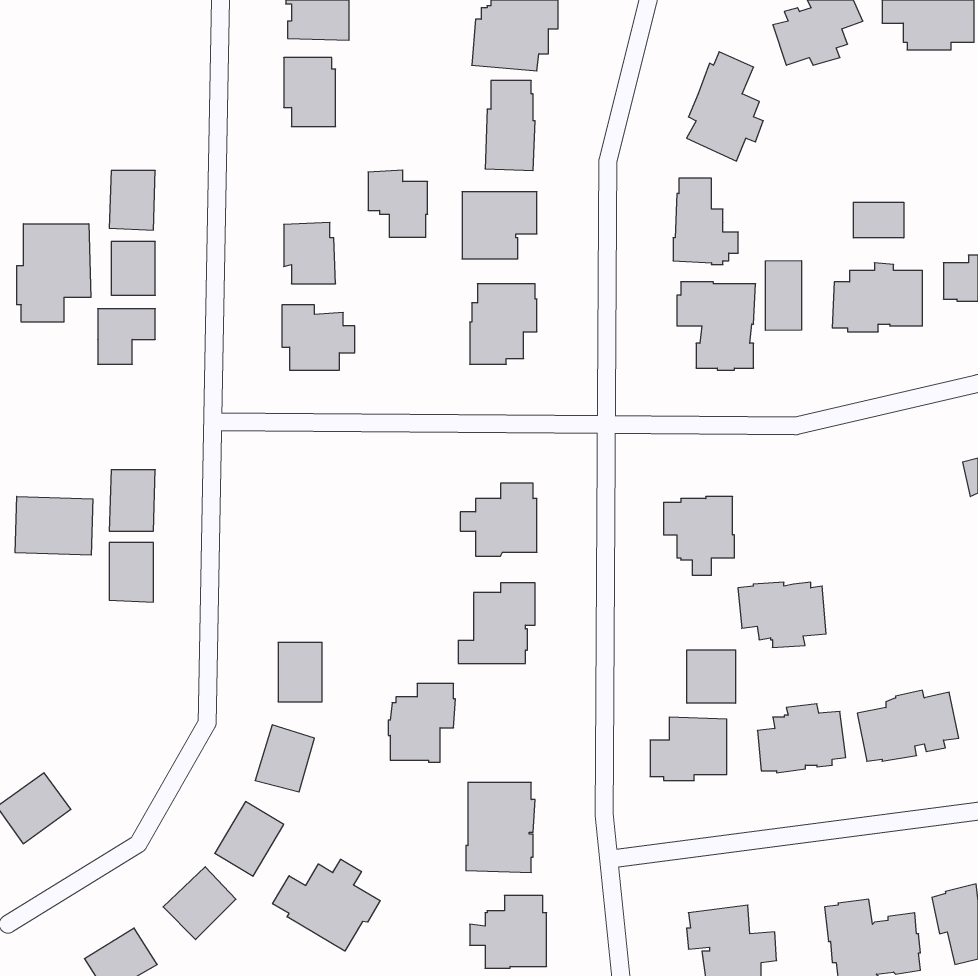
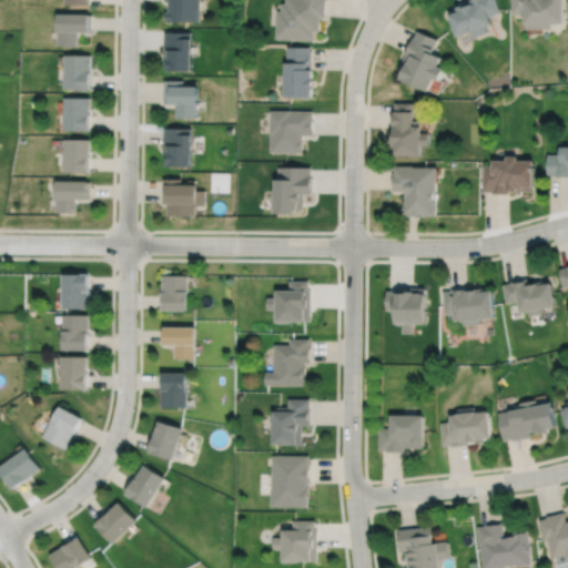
building: none -> [57,18,91,49]
building: none -> [64,58,91,93]
building: [368,170,428,237] -> [164,83,199,122]
building: [853,202,904,238] -> none
building: [17,224,91,322] -> none
building: [765,261,801,330] -> none
building: none -> [161,275,187,311]
building: none -> [501,280,554,318]
building: [15,496,93,555] -> none
building: none -> [161,327,195,359]
building: [738,582,826,647] -> [440,290,491,327]
building: none -> [62,357,89,390]
building: [687,650,736,703] -> none
building: [388,684,455,762] -> [272,400,311,446]
building: none -> [43,407,82,450]
building: [273,859,380,951] -> none

